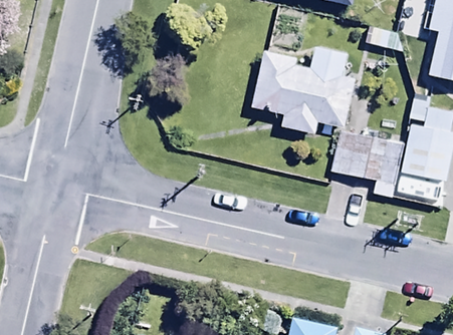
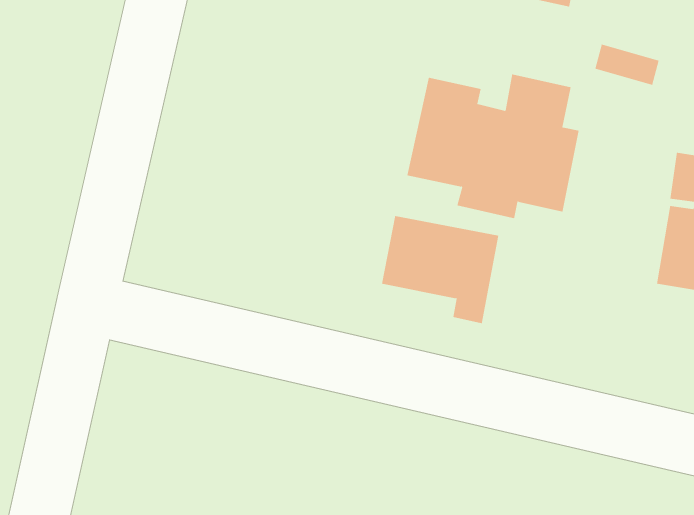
building: [330,131,402,197] -> [381,215,499,324]

